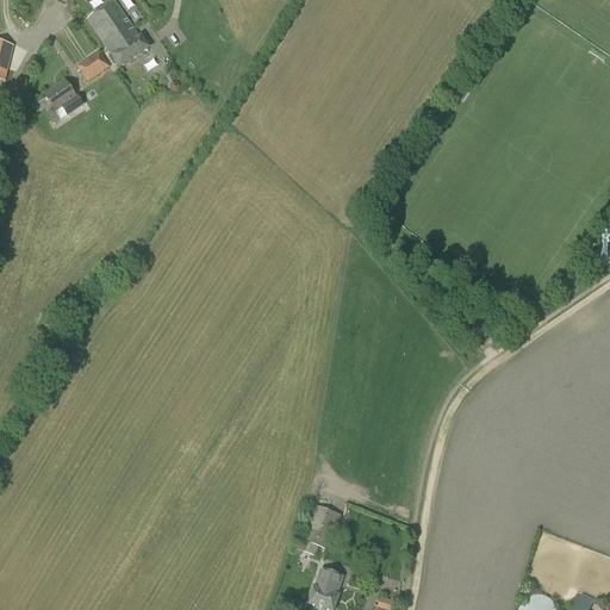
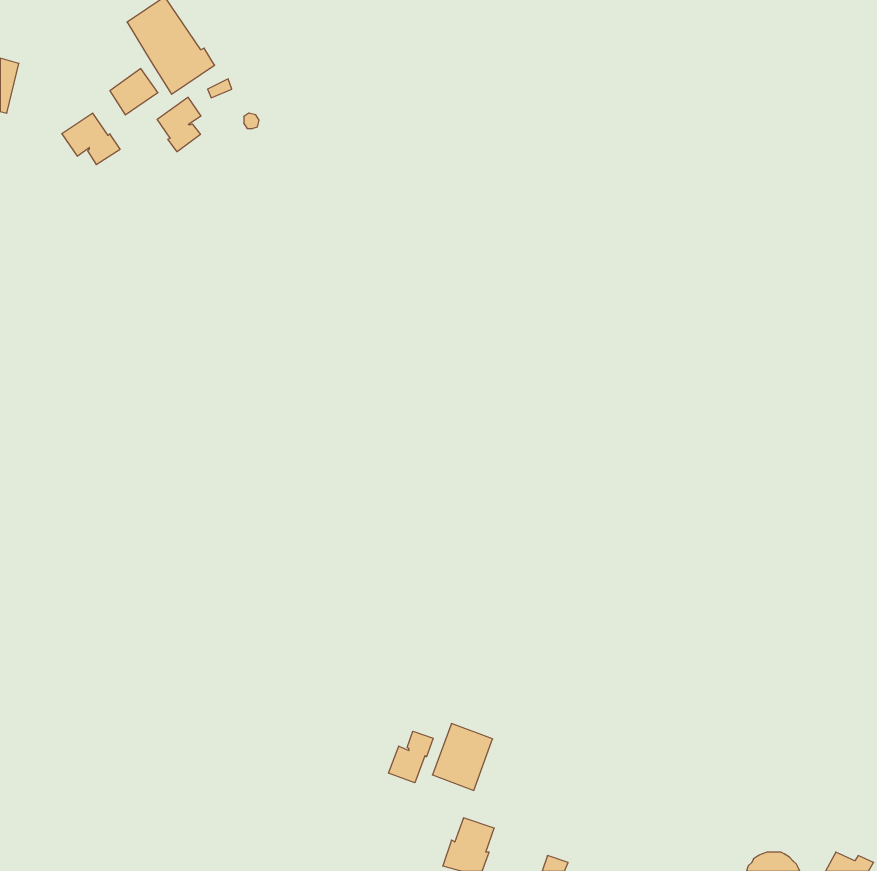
building: none -> [157,97,201,152]
building: none -> [388,731,433,783]

